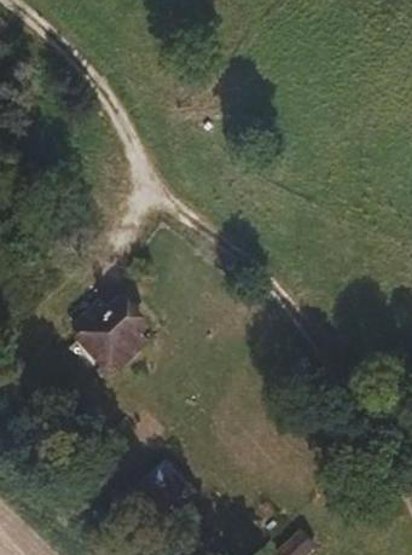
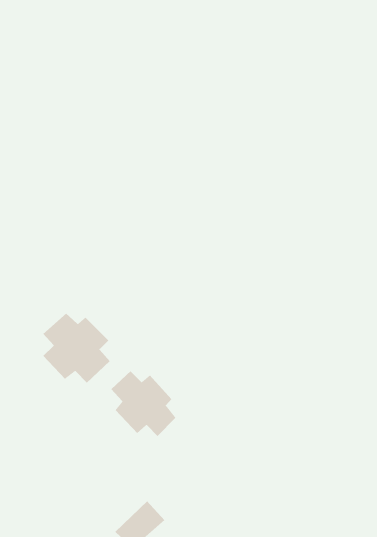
building: none -> [111,370,176,437]

